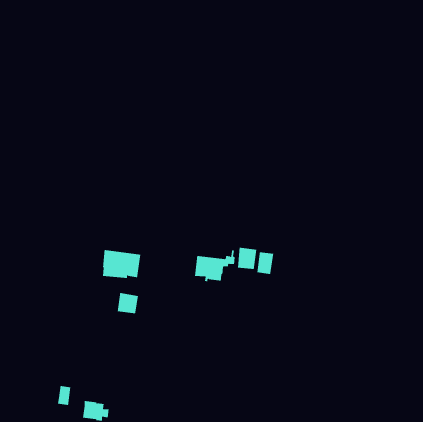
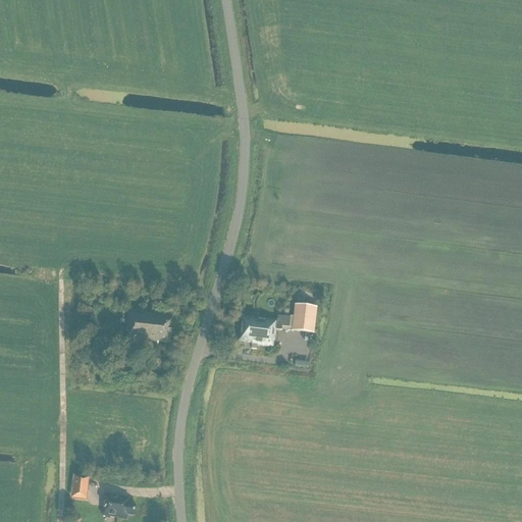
building: [257,252,274,275] -> none
building: [117,292,139,314] -> none

